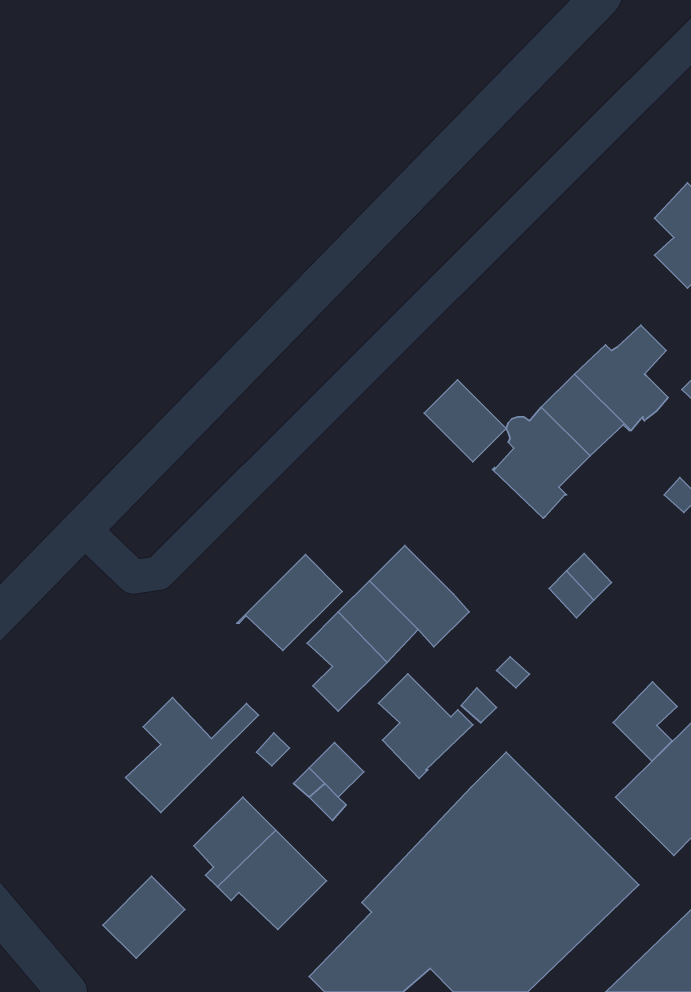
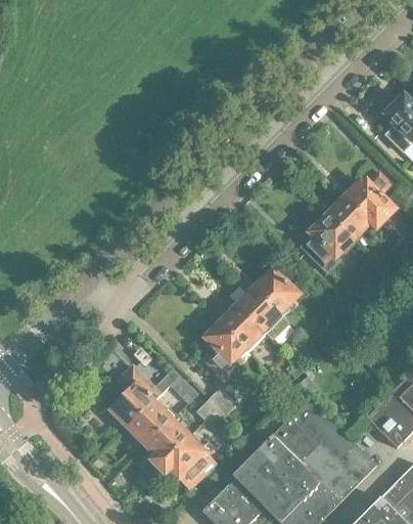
building: [424,380,506,462] -> [255,269,297,312]
building: [237,555,342,650] -> none
building: [378,674,473,779] -> none
building: [613,682,677,761] -> none
building: [103,876,185,958] -> [127,401,170,444]

